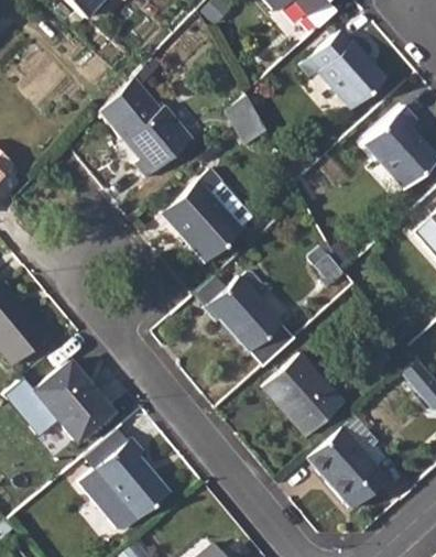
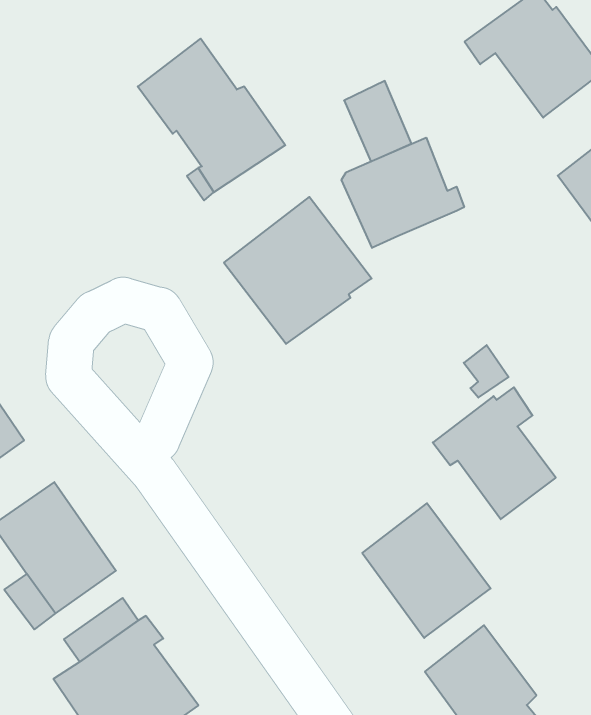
building: none -> [342,138,464,248]
building: [206,270,284,352] -> [433,387,556,519]

